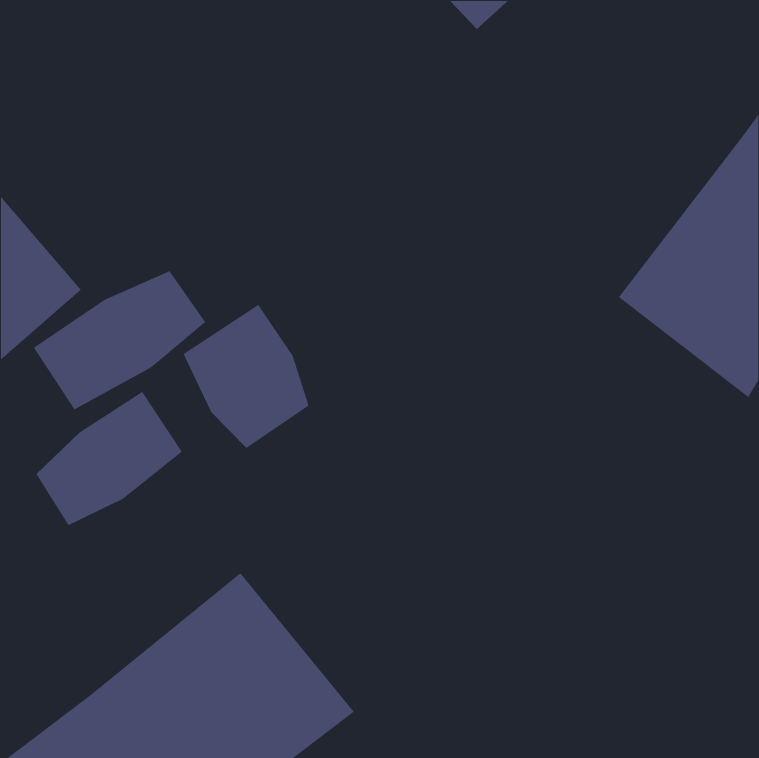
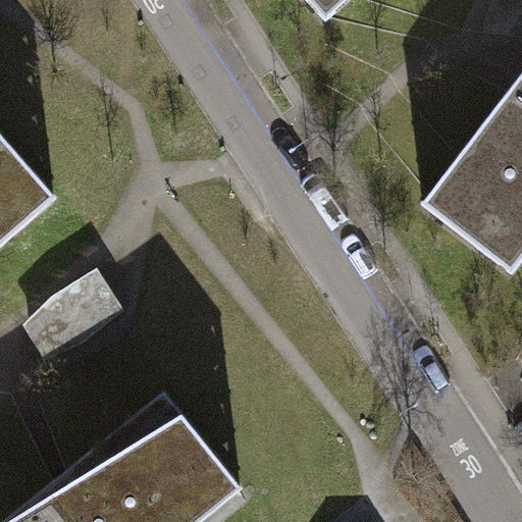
building: [33,270,206,410] -> none
building: [183,304,310,449] -> none

